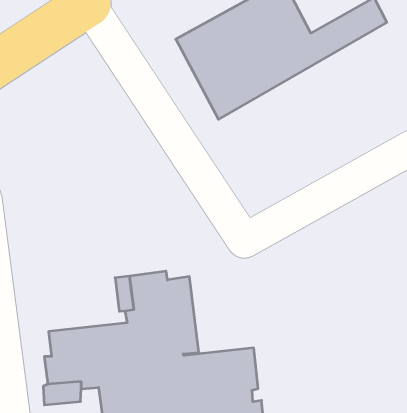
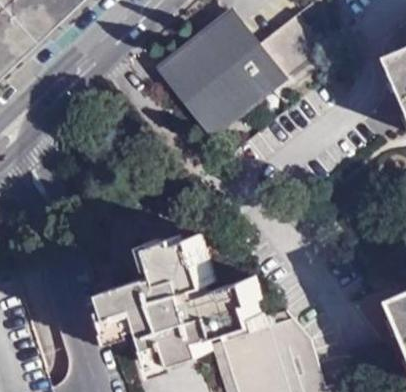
building: none -> [202,32,318,137]

